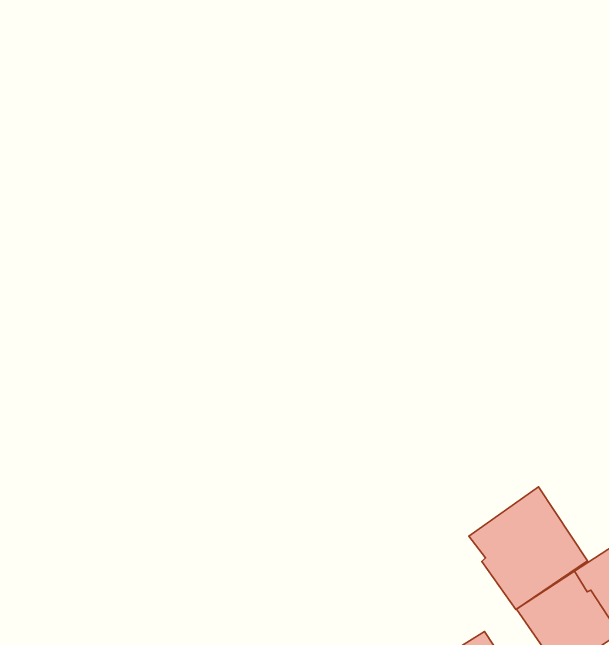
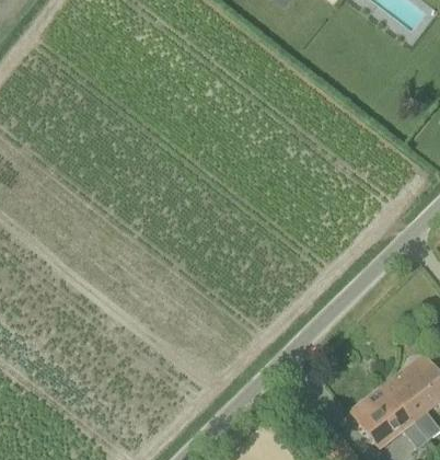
building: [469,487,588,610] -> none

